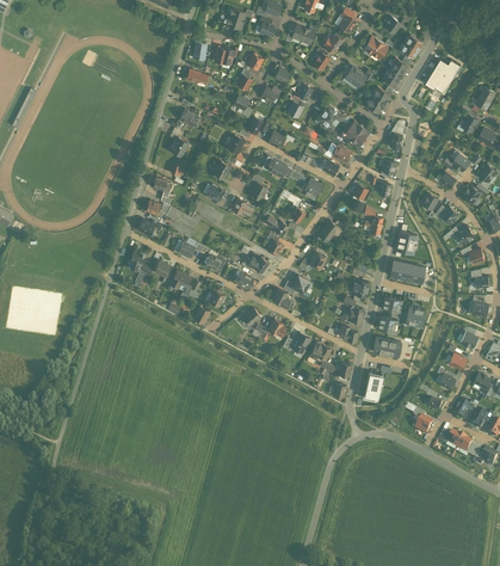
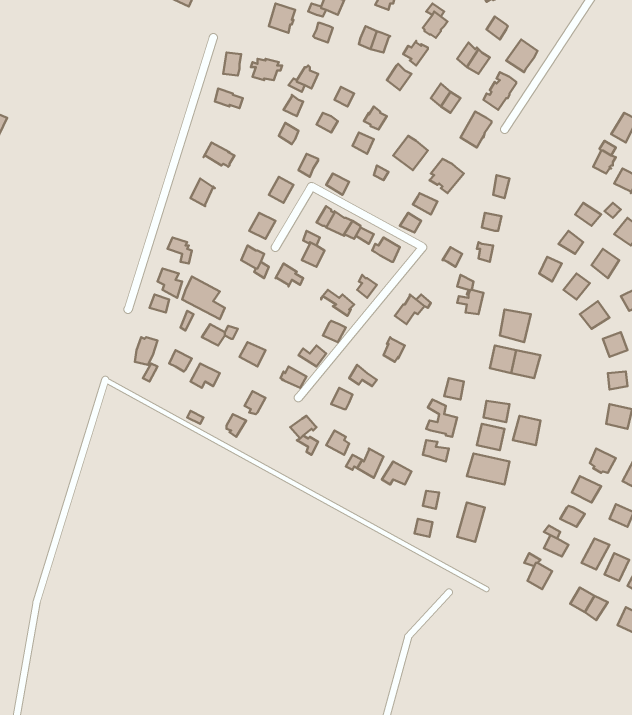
building: [424,56,458,90] -> none

